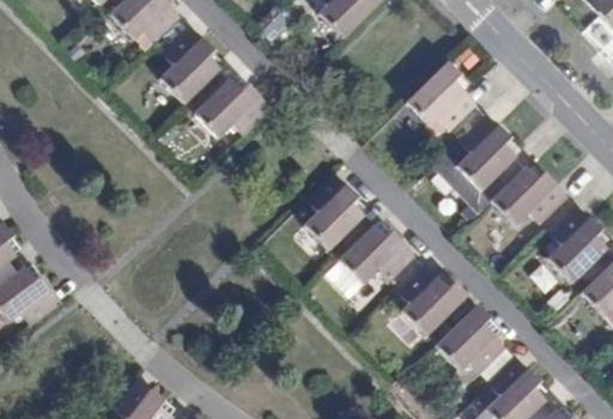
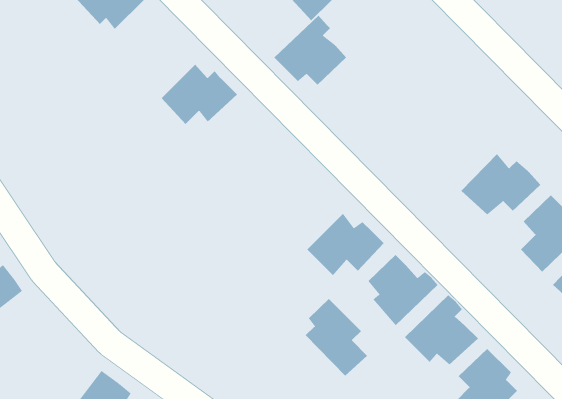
building: [160,26,218,102] -> none
building: [403,61,475,130] -> [273,15,347,85]
building: [455,114,515,189] -> none
building: [304,172,363,249] -> none
building: none -> [305,298,368,376]

